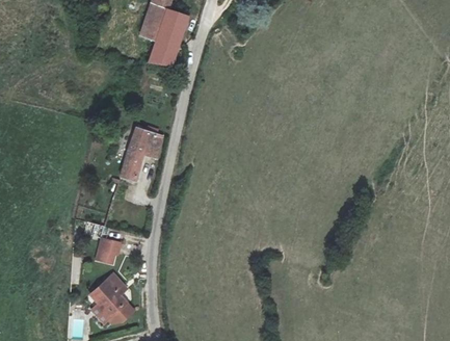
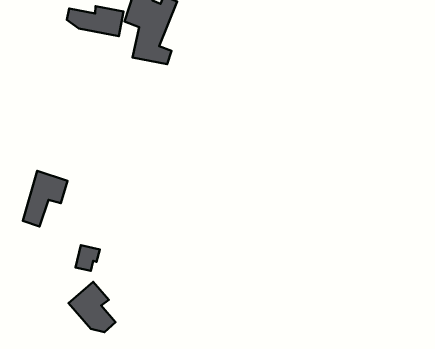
building: none -> [67,6,123,36]
building: [122,128,163,180] -> [23,171,67,227]

